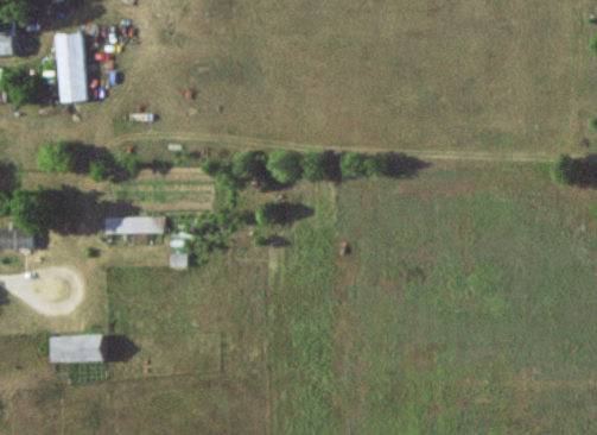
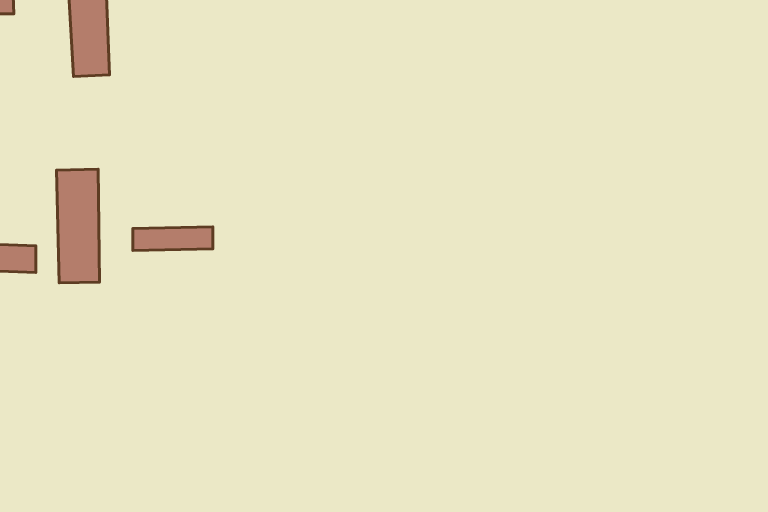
building: none -> [56,169,99,283]
building: [49,335,102,362] -> none

